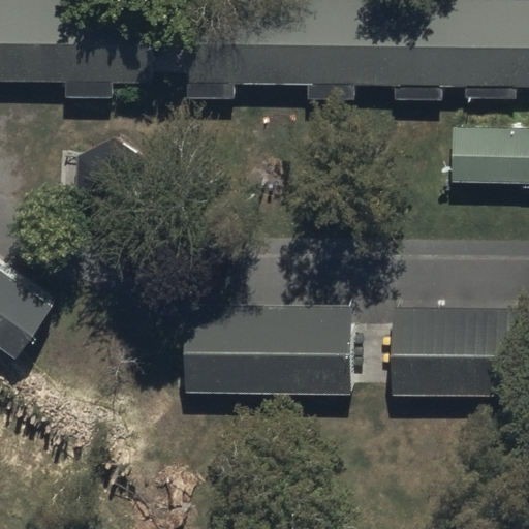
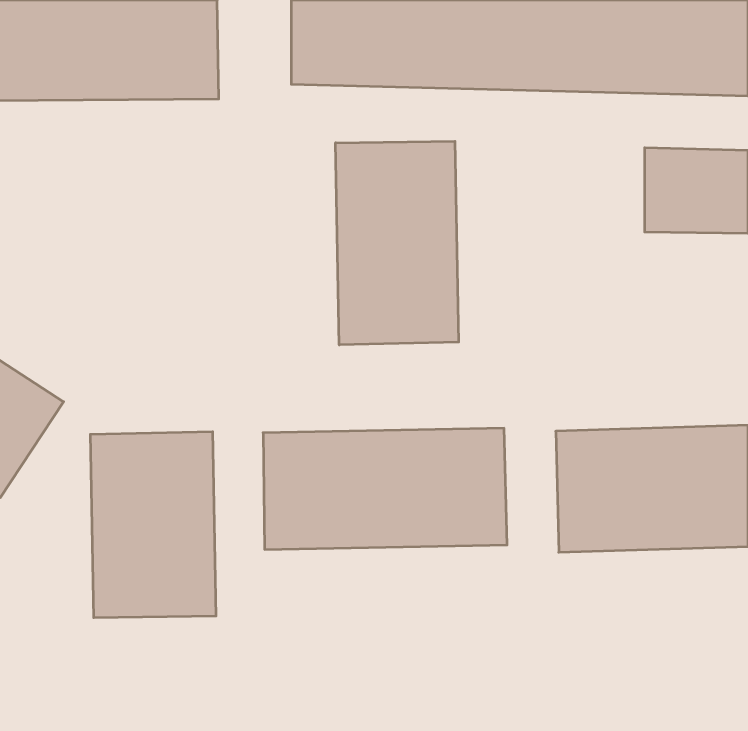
building: none -> [336,141,459,345]
building: none -> [90,432,216,618]

